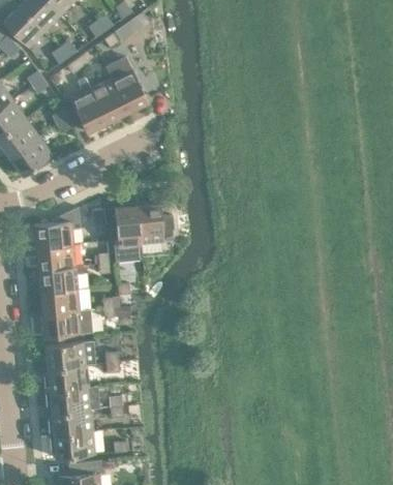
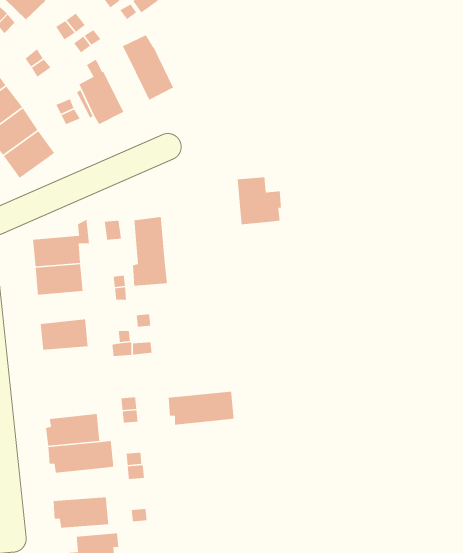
building: [91,78,127,121] -> none
building: [138,203,174,242] -> [237,176,282,225]
building: [37,265,85,292] -> none
building: [41,308,93,336] -> none
building: [41,340,95,368] -> [168,391,234,426]
building: [49,408,93,434] -> none

